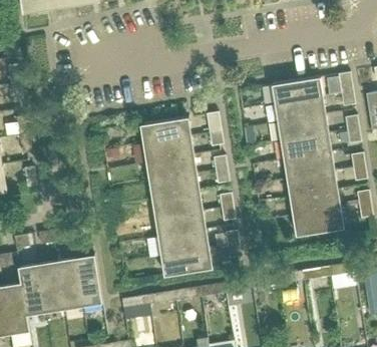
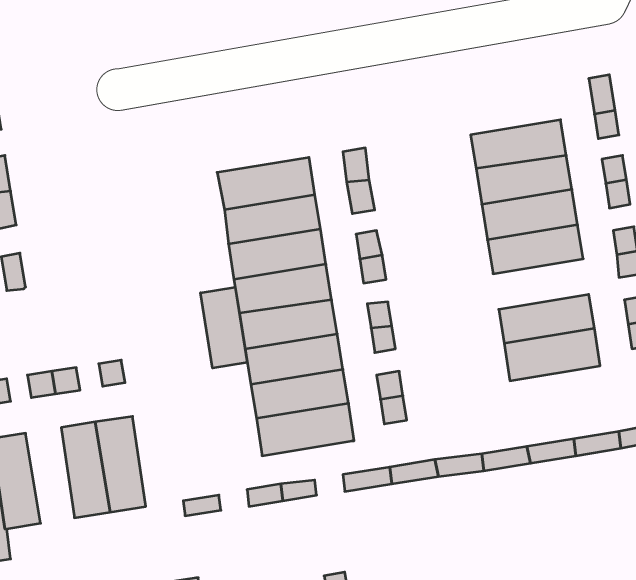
building: [272,78,323,105] -> none
building: [287,171,338,199] -> none
building: none -> [201,287,247,368]
building: [37,262,63,313] -> none

